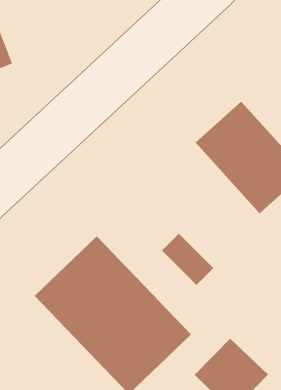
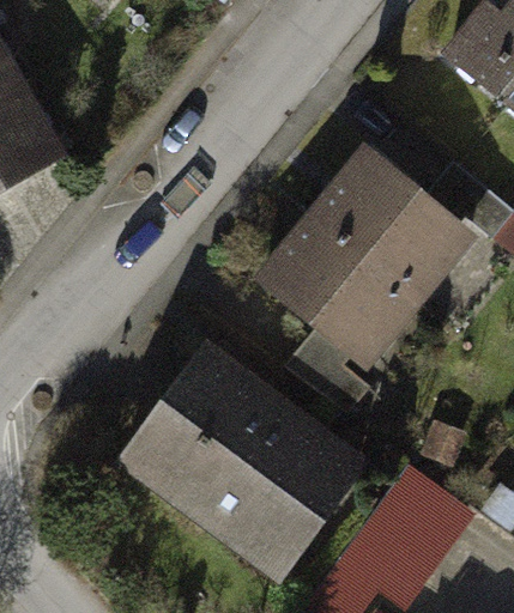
building: none -> [264,217,422,362]

